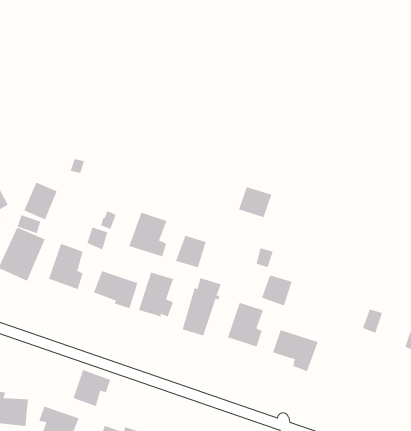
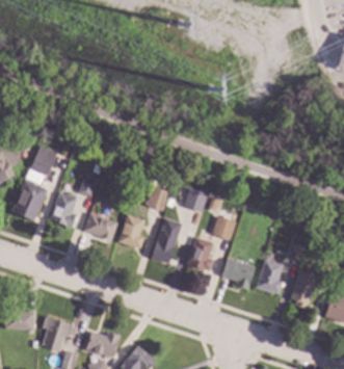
building: [238,186,272,218] -> [183,188,209,212]
building: [128,212,167,257] -> none
building: none -> [256,260,284,293]
building: none -> [290,271,318,310]
building: [73,369,111,407] -> none

